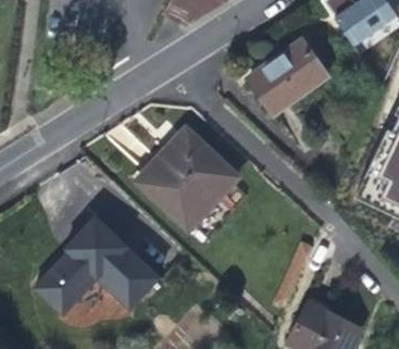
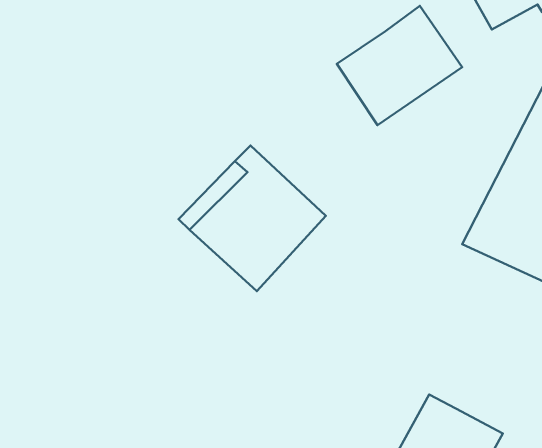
building: [34,210,169,315] -> none

